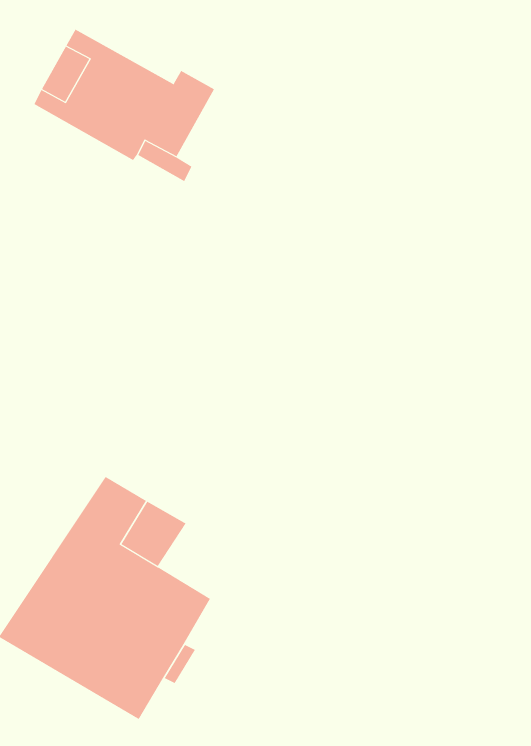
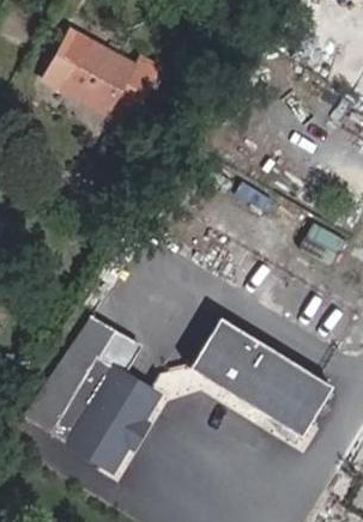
building: none -> [188,317,332,437]

